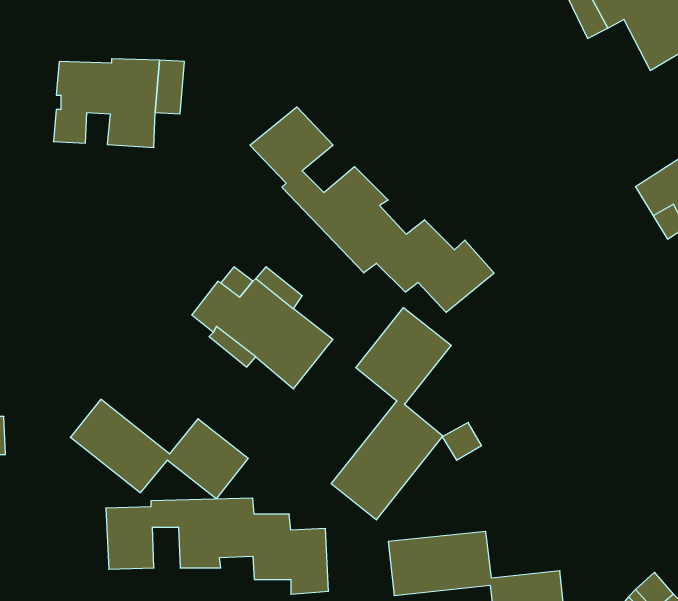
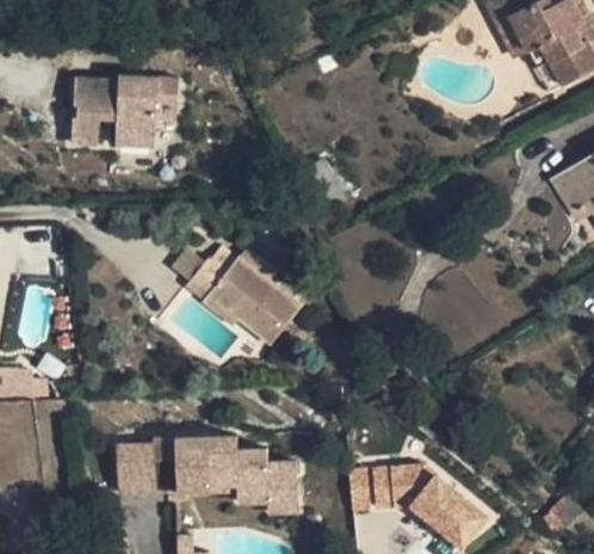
building: [250,107,494,312] -> none
building: [331,308,451,520] -> none
building: [70,399,248,499] -> none

